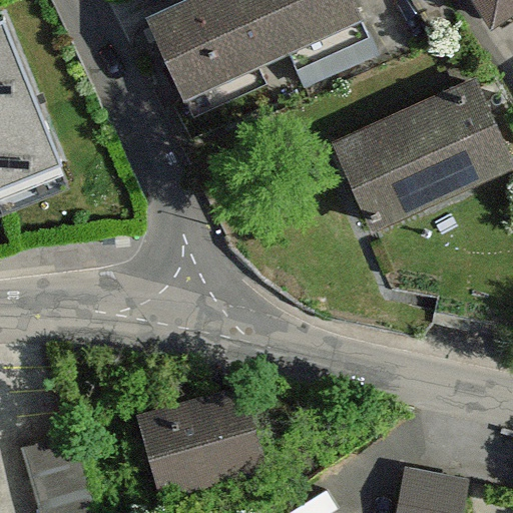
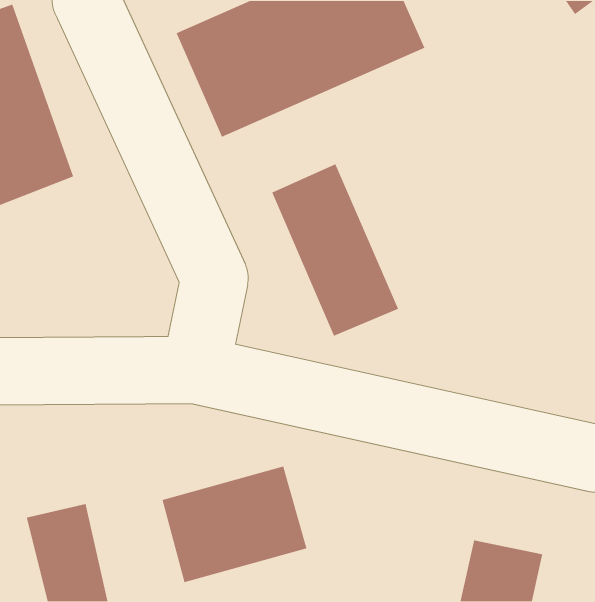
building: [336,93,502,222] -> none
building: none -> [271,163,399,337]

